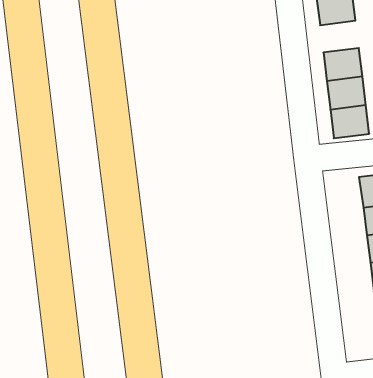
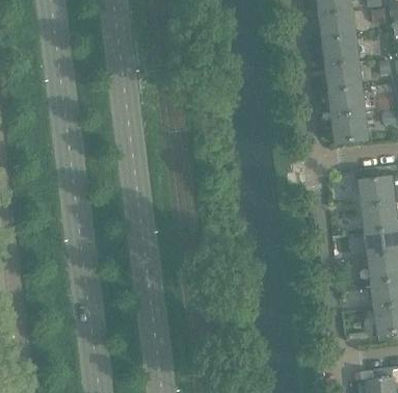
building: none -> [322,36,357,66]

